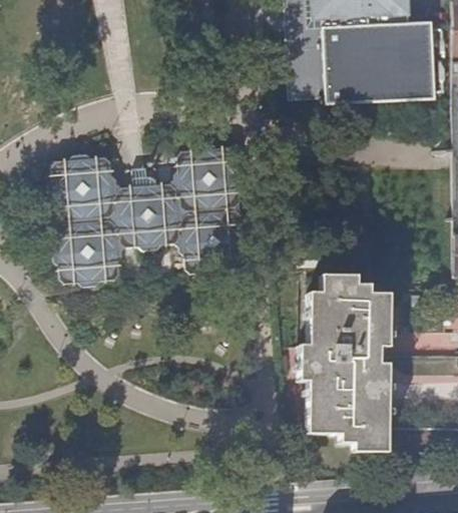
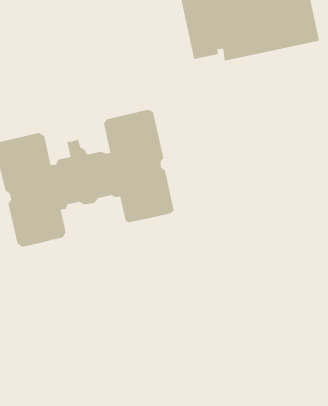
building: [296,278,387,450] -> none

